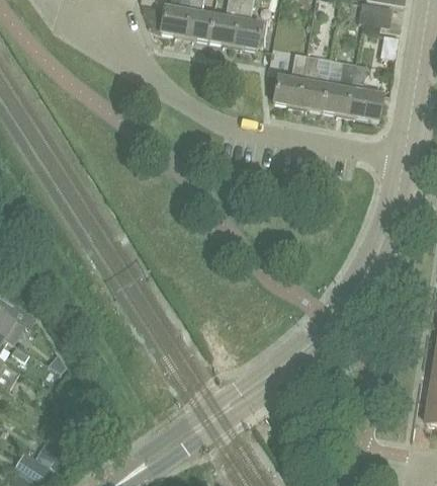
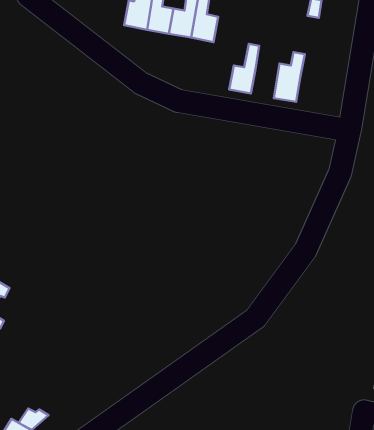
building: [295,52,327,108] -> none
building: [345,86,382,118] -> none

